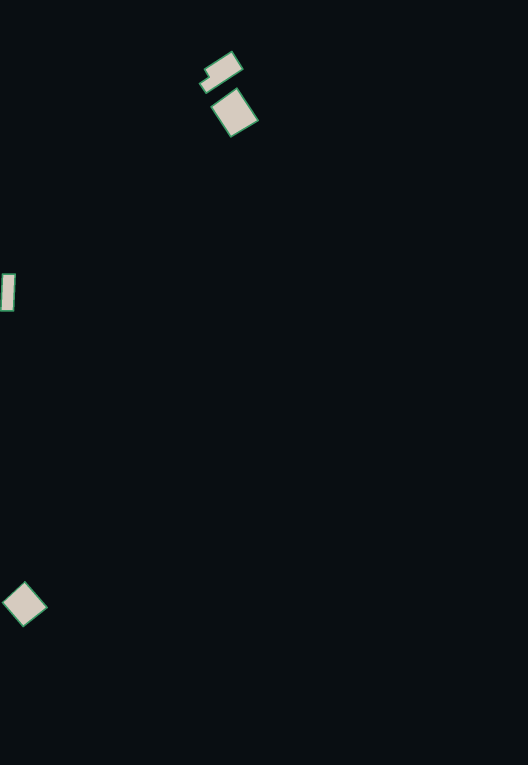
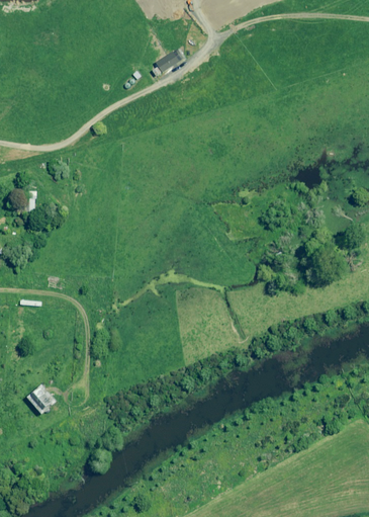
building: [211,88,258,137] -> none

